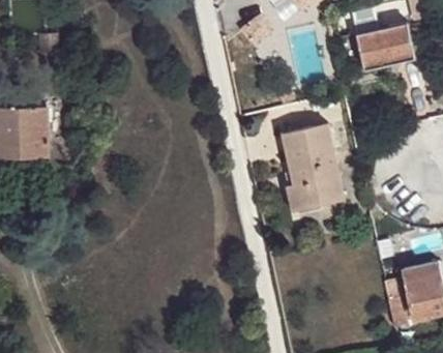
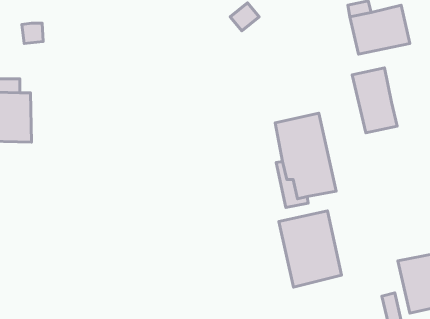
building: none -> [352,68,397,133]
building: none -> [279,211,342,287]

